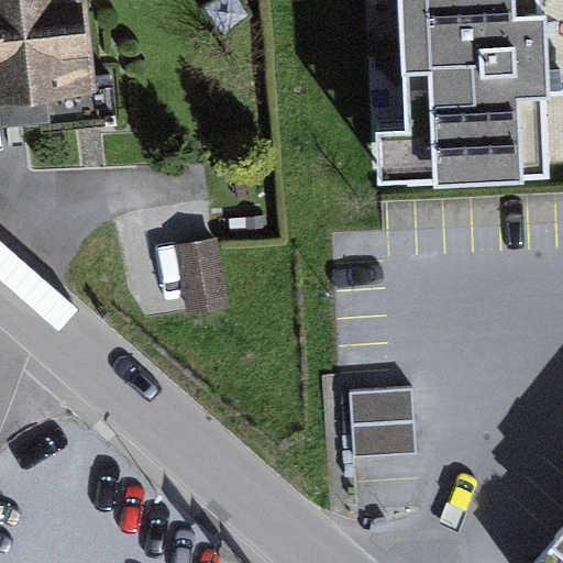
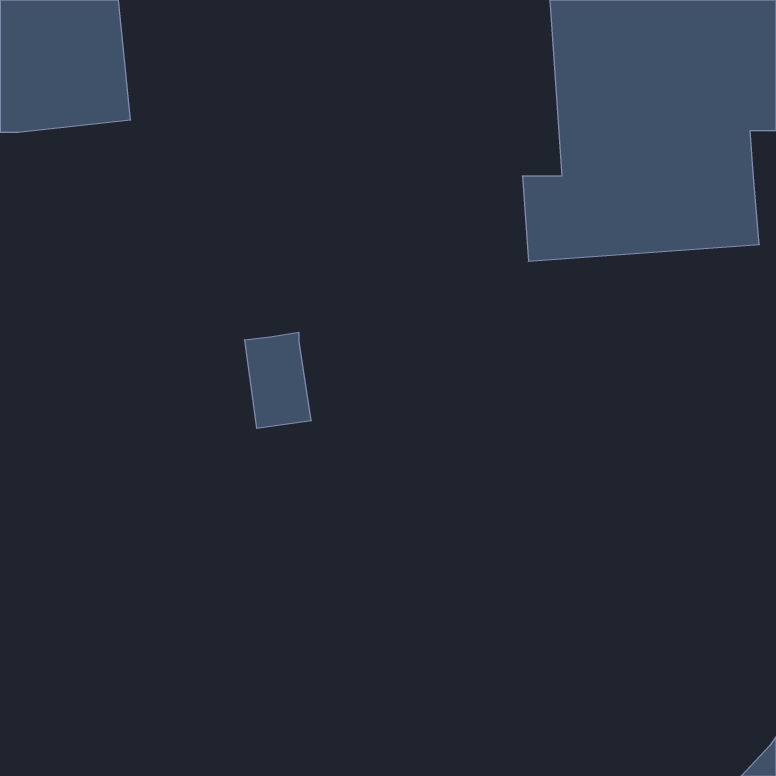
building: [352,390,415,457] -> none

